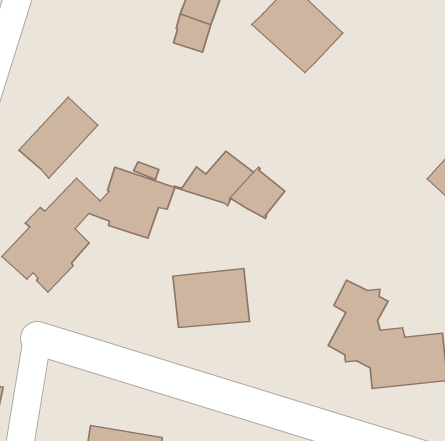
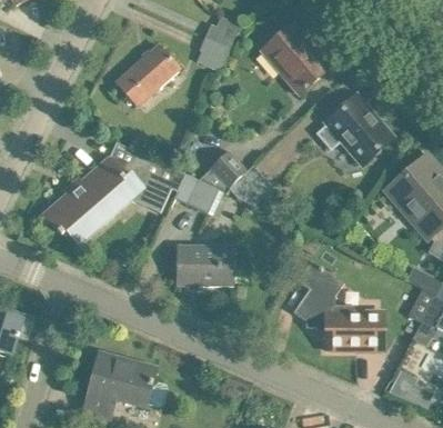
building: none -> [316,94,393,163]
building: [19,97,98,178] -> [115,43,180,106]
building: none -> [174,173,223,215]

